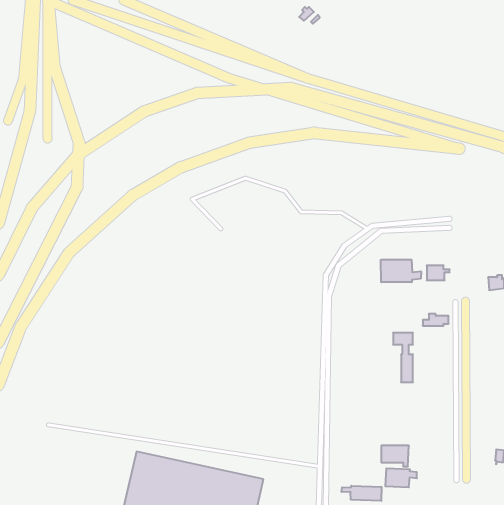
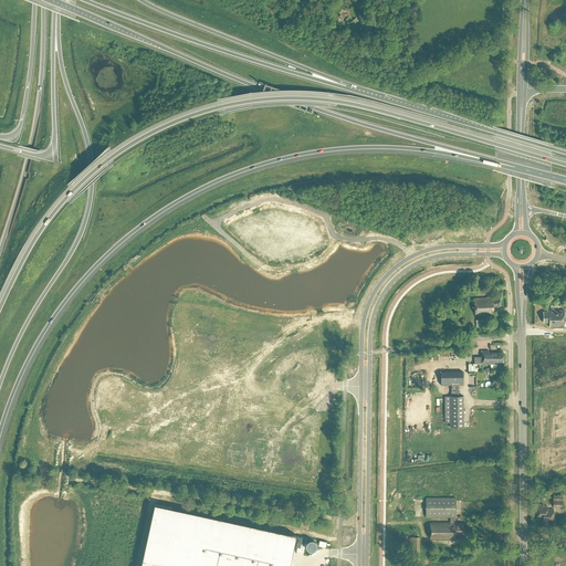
building: [381,260,421,282] -> none
building: [342,486,382,501] -> none

